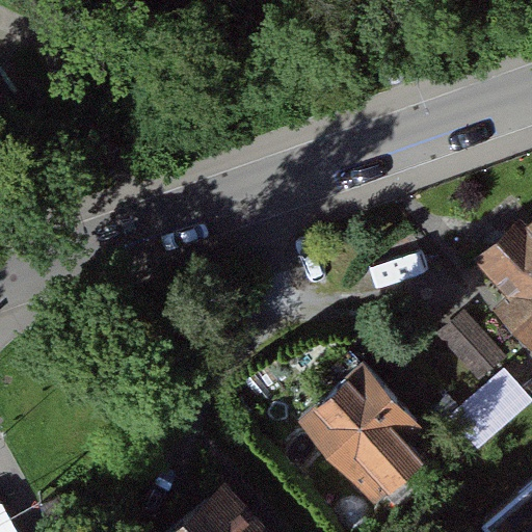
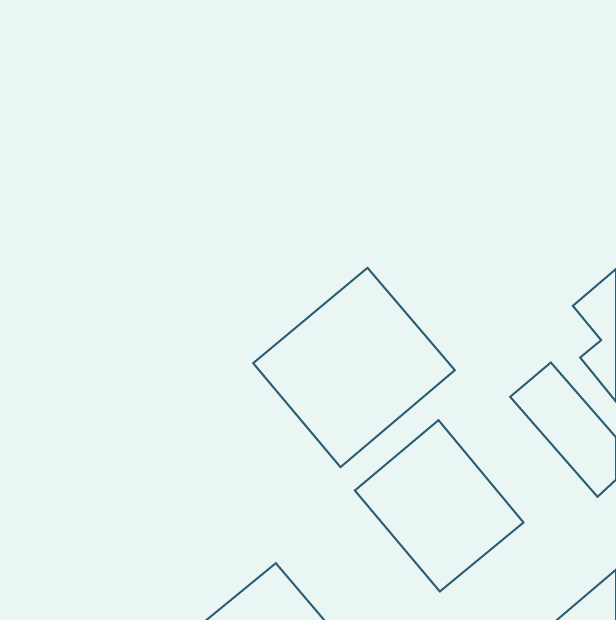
building: none -> [253,268,455,467]

